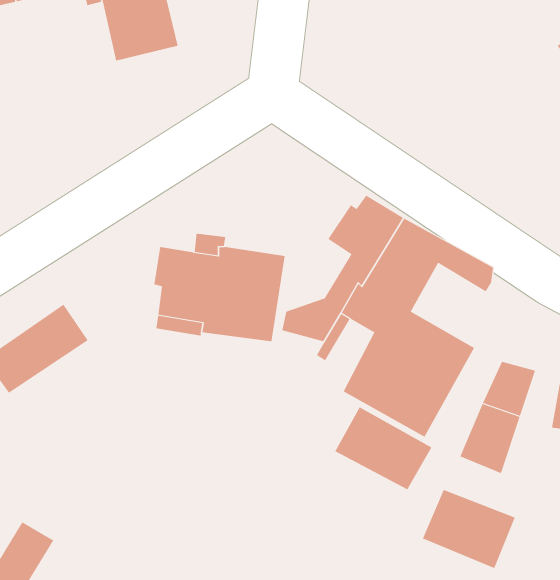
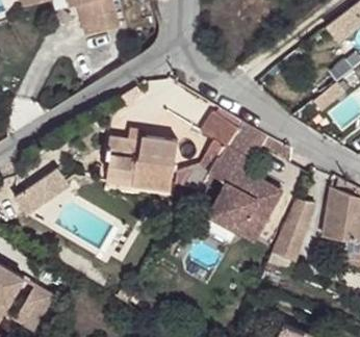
building: [335,406,432,490] -> none
building: [422,489,516,569] -> none

